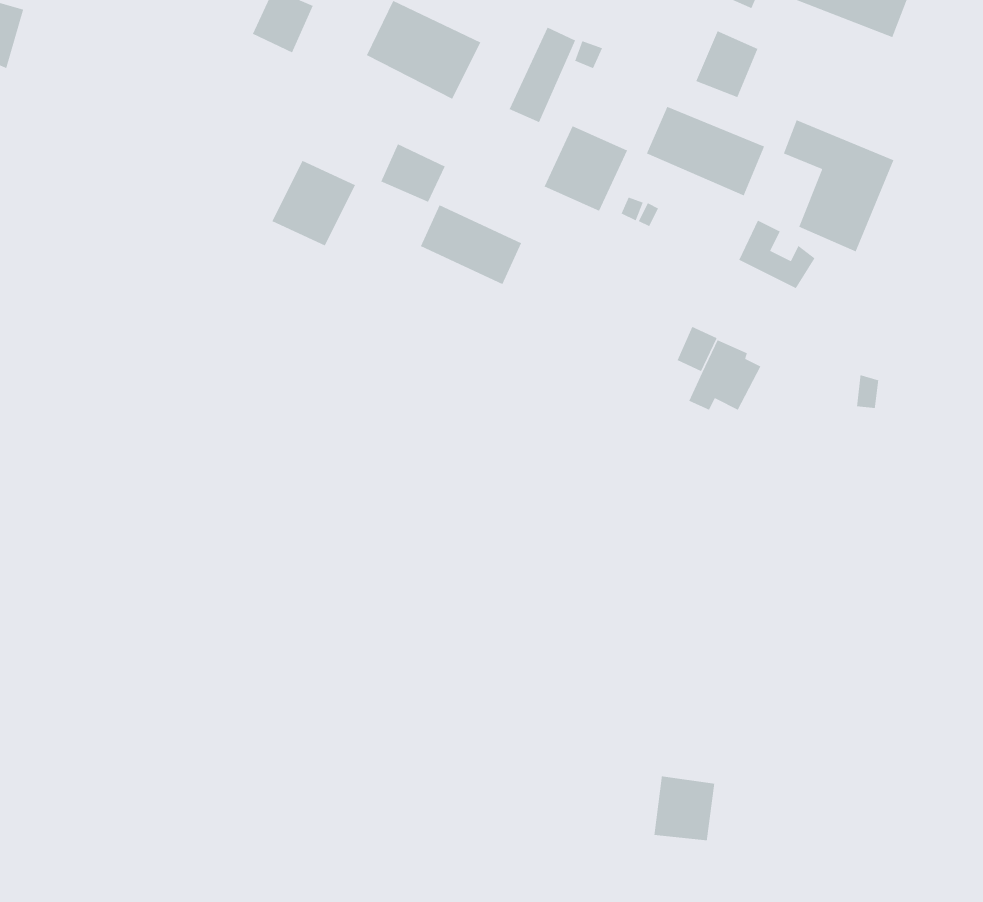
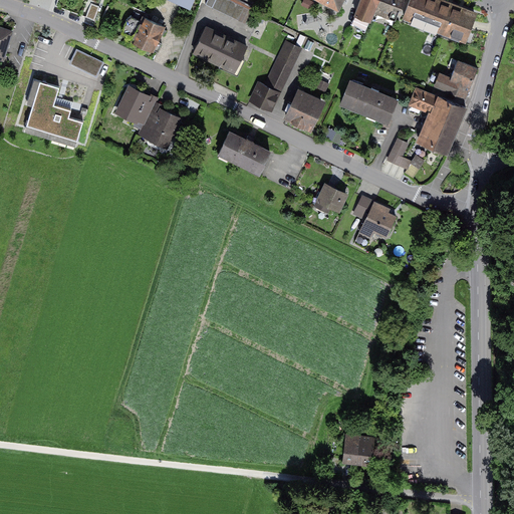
building: [695,30,758,98] -> none
building: none -> [69,47,103,74]
building: none -> [434,57,478,96]
building: none -> [26,79,83,139]
building: none -> [113,85,158,130]
building: [380,143,446,203] -> [247,80,281,111]
building: none -> [314,183,347,214]

